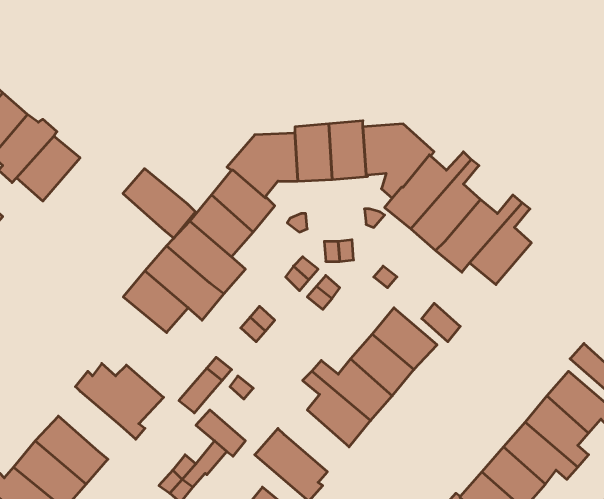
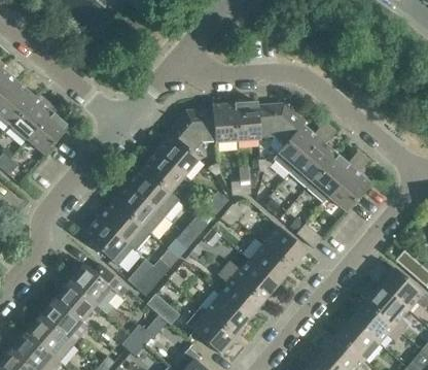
building: [123,169,196,238] -> [83,218,132,265]
building: none -> [55,281,96,322]
building: none -> [205,294,248,335]

